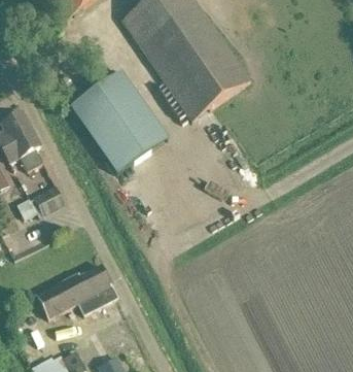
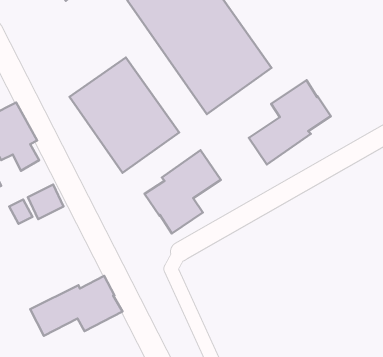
building: none -> [249,80,331,165]
building: none -> [145,150,221,233]

